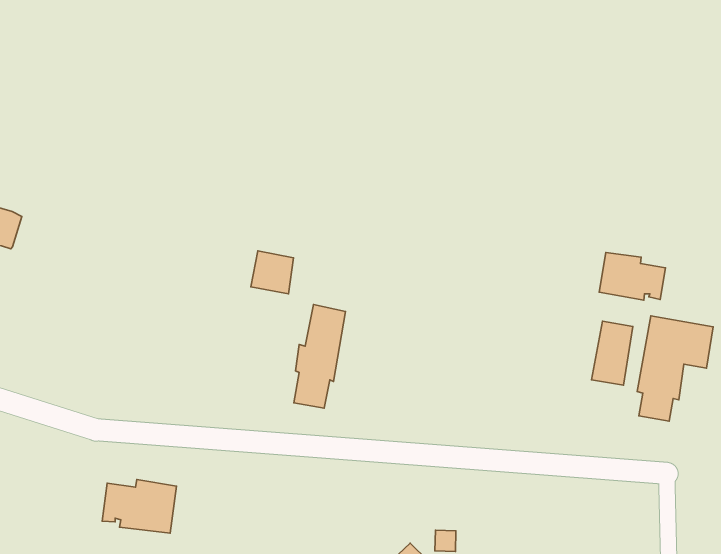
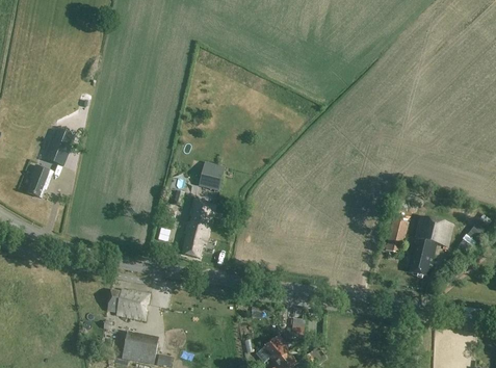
building: [599,253,665,300] -> none
building: [294,304,346,408] -> [182,200,214,258]

